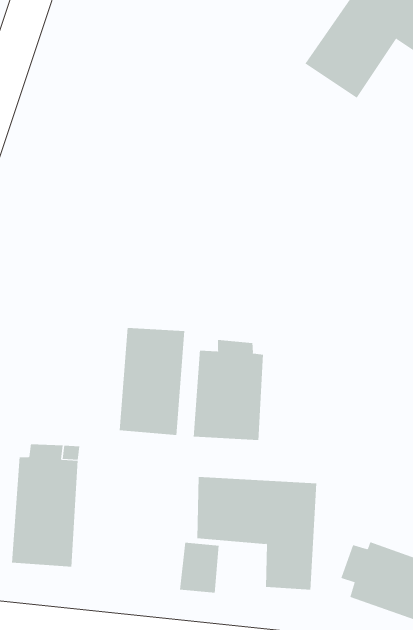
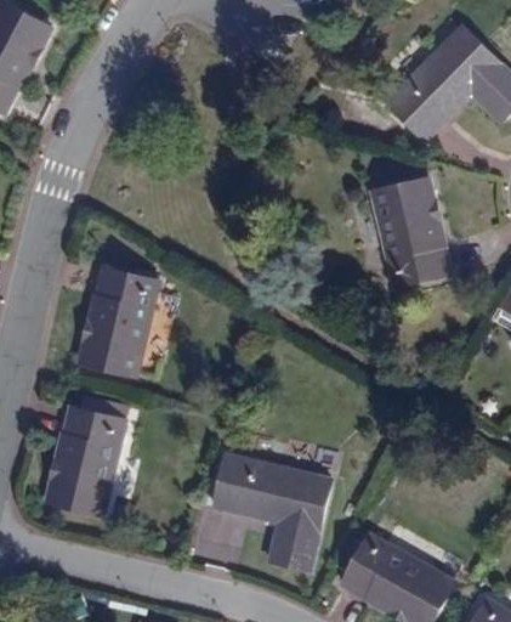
building: none -> [373,181,447,287]
building: [119,327,185,435] -> [80,271,154,374]
building: [193,339,264,441] -> none

